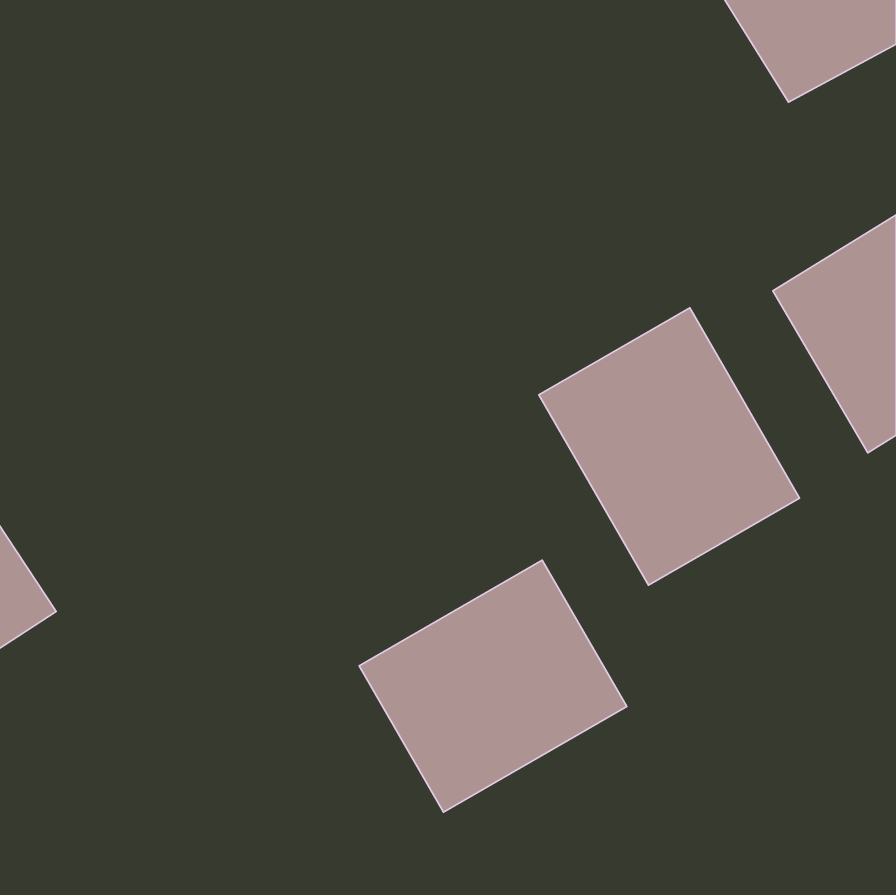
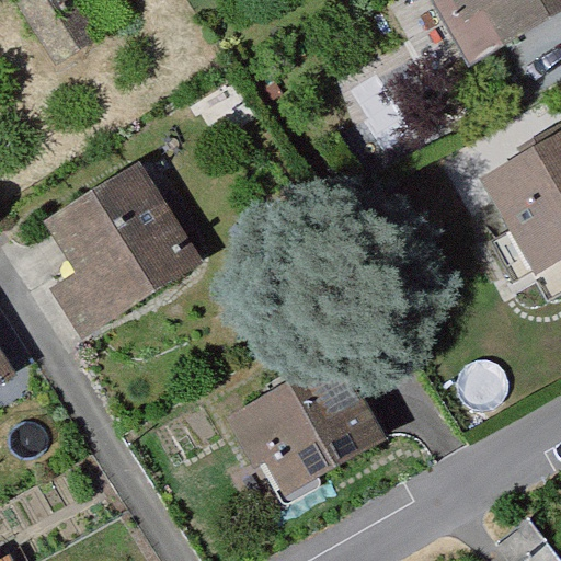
building: none -> [39,164,198,318]
building: [539,308,800,585] -> none

